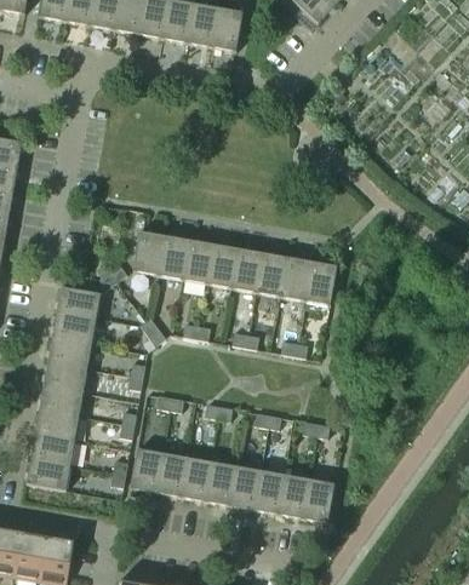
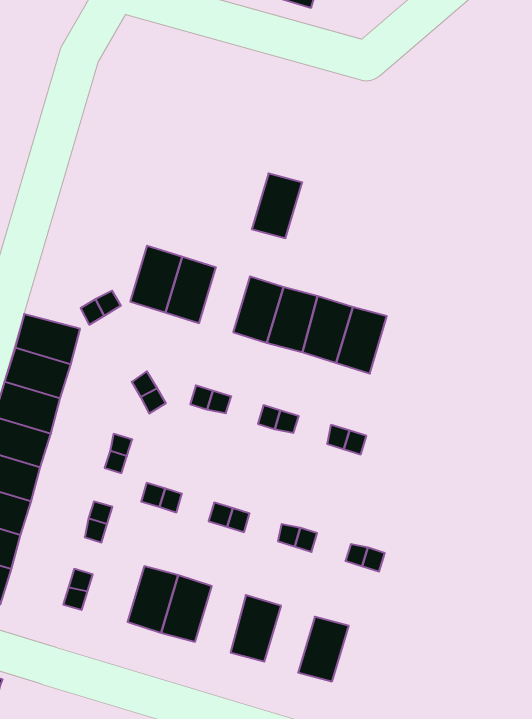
building: [182,239,213,282] -> [252,173,302,238]
building: [304,259,337,304] -> none
building: [130,447,162,492] -> none
building: [204,460,235,505] -> none
building: [253,469,285,514] -> none
building: [302,477,334,522] -> none

